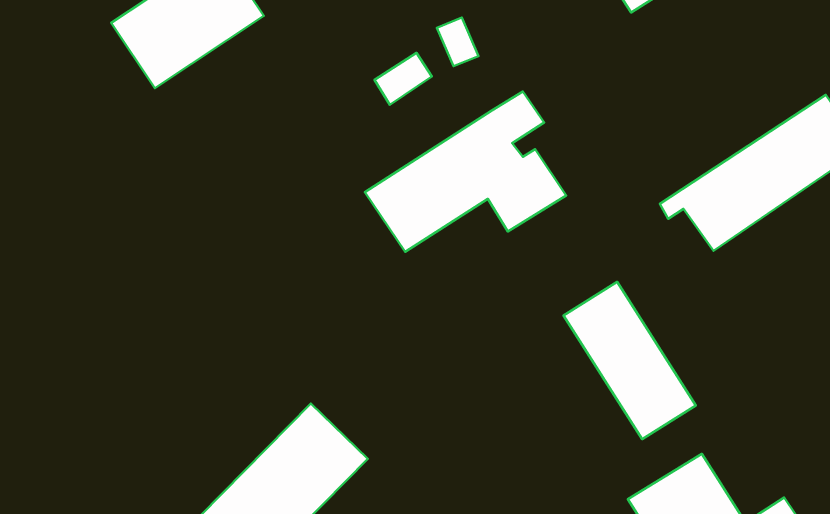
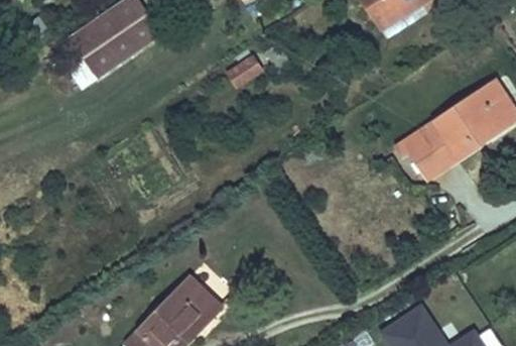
building: [365,91,566,252] -> none
building: [563,282,696,439] -> none

